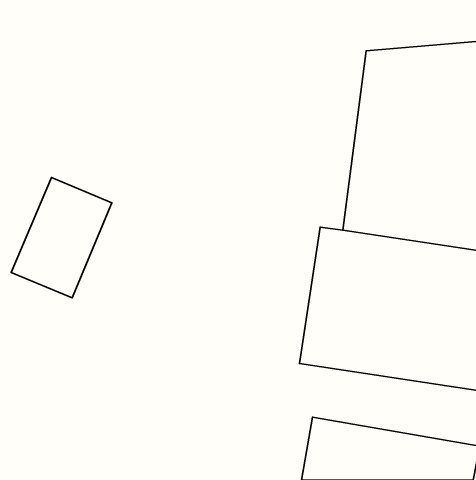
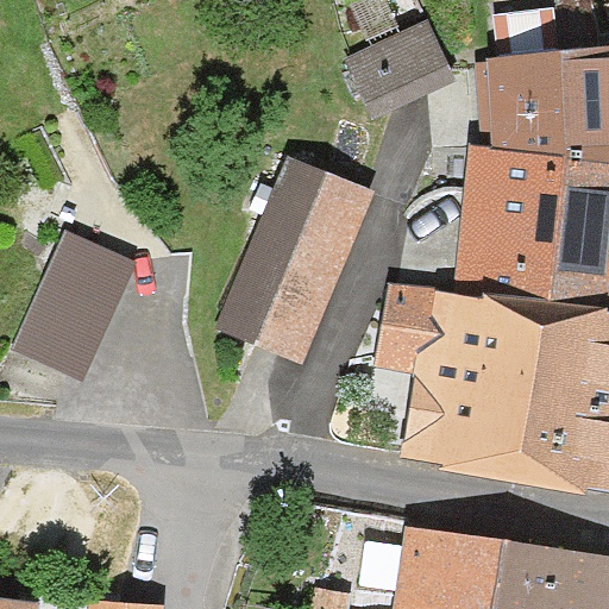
building: none -> [337,14,453,123]
building: none -> [230,158,371,358]

